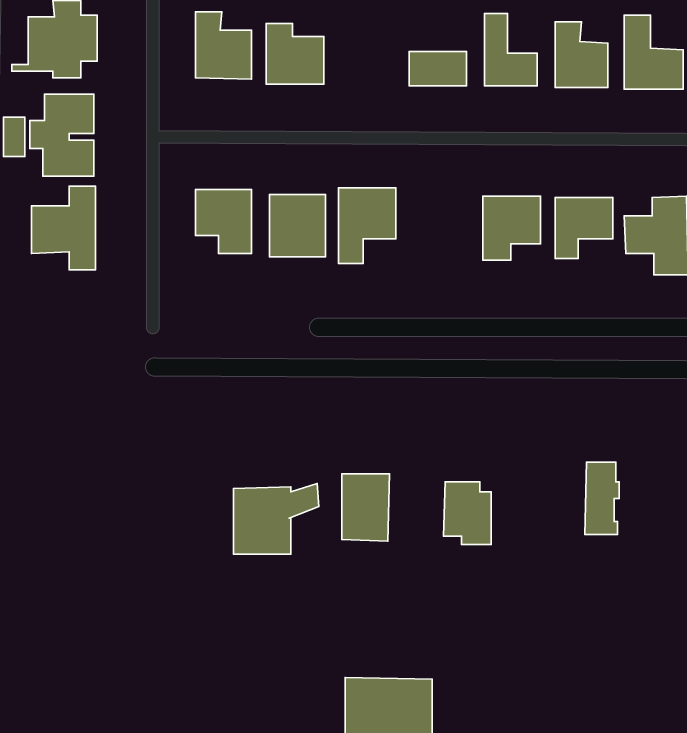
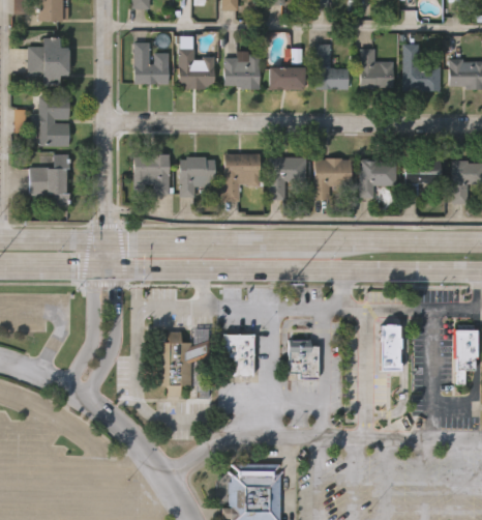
building: none -> [223,53,260,88]
building: none -> [270,156,307,200]

